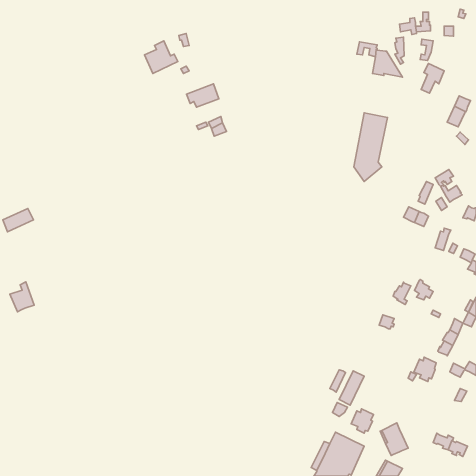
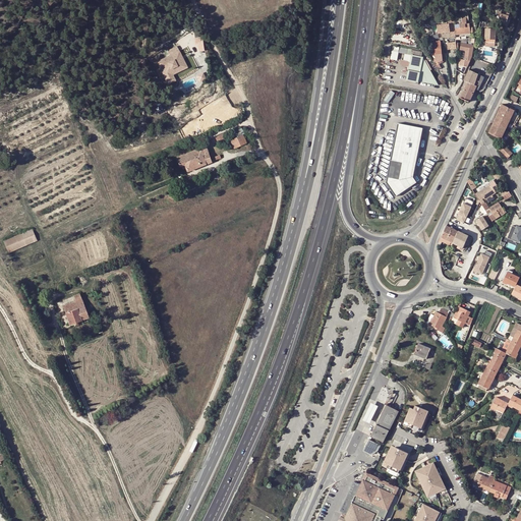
building: [186,84,219,107] -> [176,147,212,172]
building: [10,282,34,312] -> [62,292,89,325]
building: [414,357,436,381] -> [404,405,428,431]

